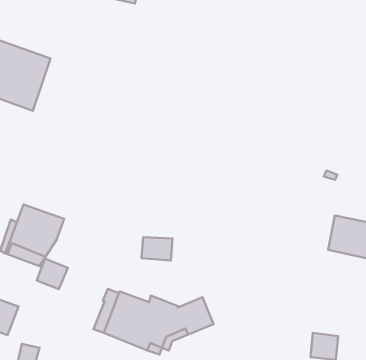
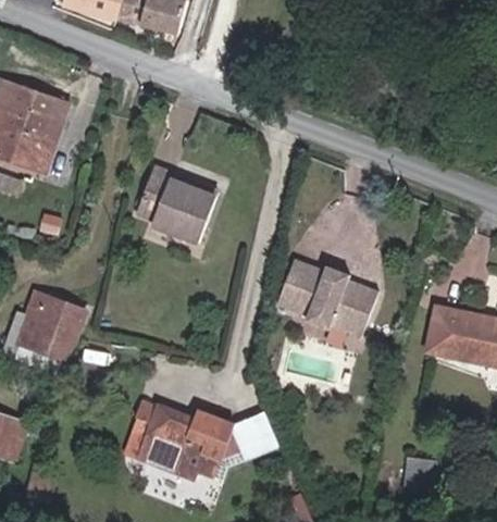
building: none -> [136,166,218,244]
building: none -> [276,259,378,337]
building: [142,237,172,260] -> none
building: [37,259,68,289] -> none

